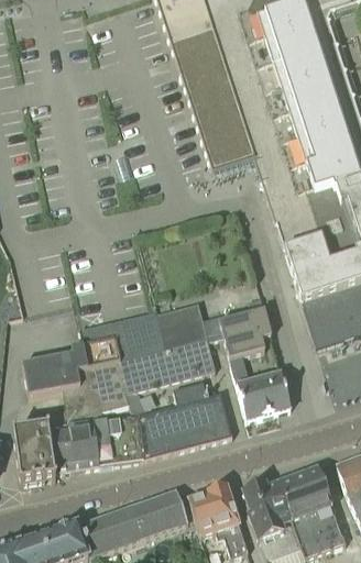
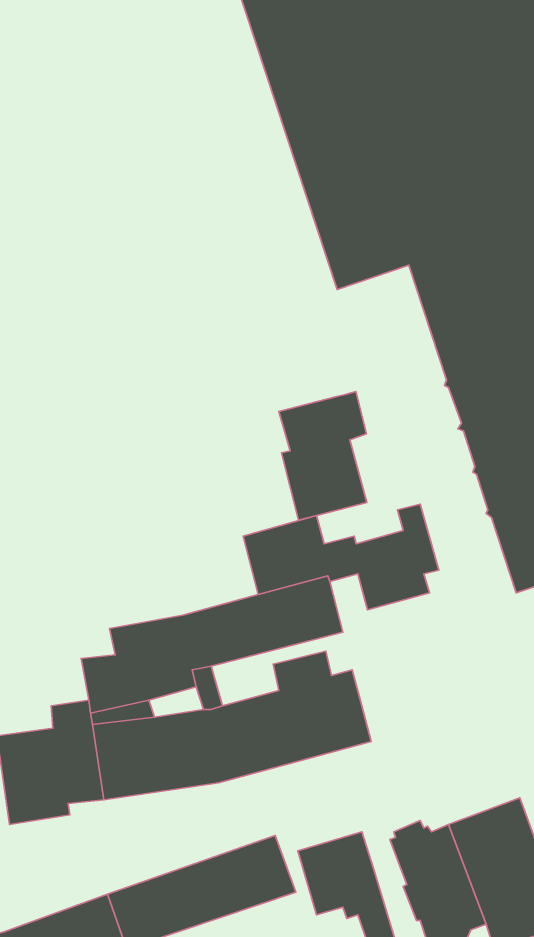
building: none -> [279,392,367,520]
building: [23,310,166,394] -> none
building: [230,354,291,419] -> none

